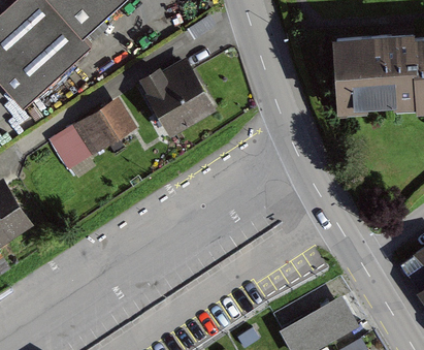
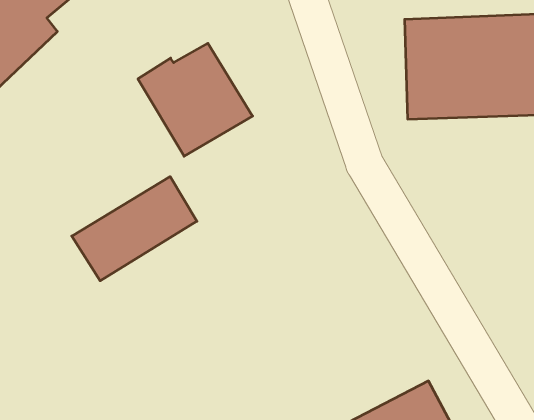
building: [53,98,139,170] -> [72,177,197,281]

